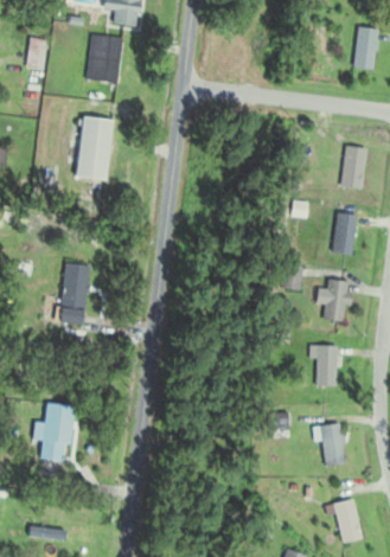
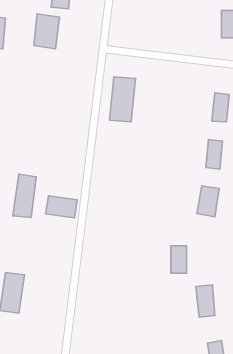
building: [76,116,113,180] -> [110,77,135,122]
building: none -> [46,196,77,218]
building: [315,346,338,385] -> [171,246,187,273]

